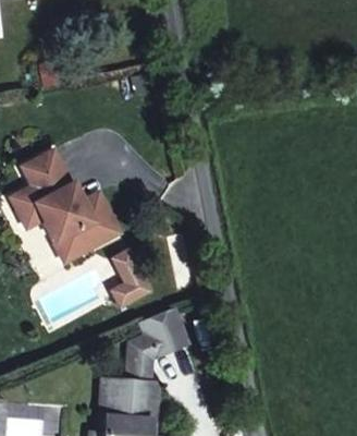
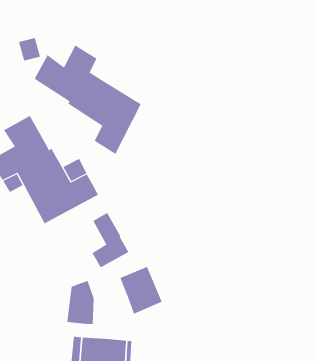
building: none -> [34,44,141,155]
building: [127,334,156,378] -> [67,280,95,324]

